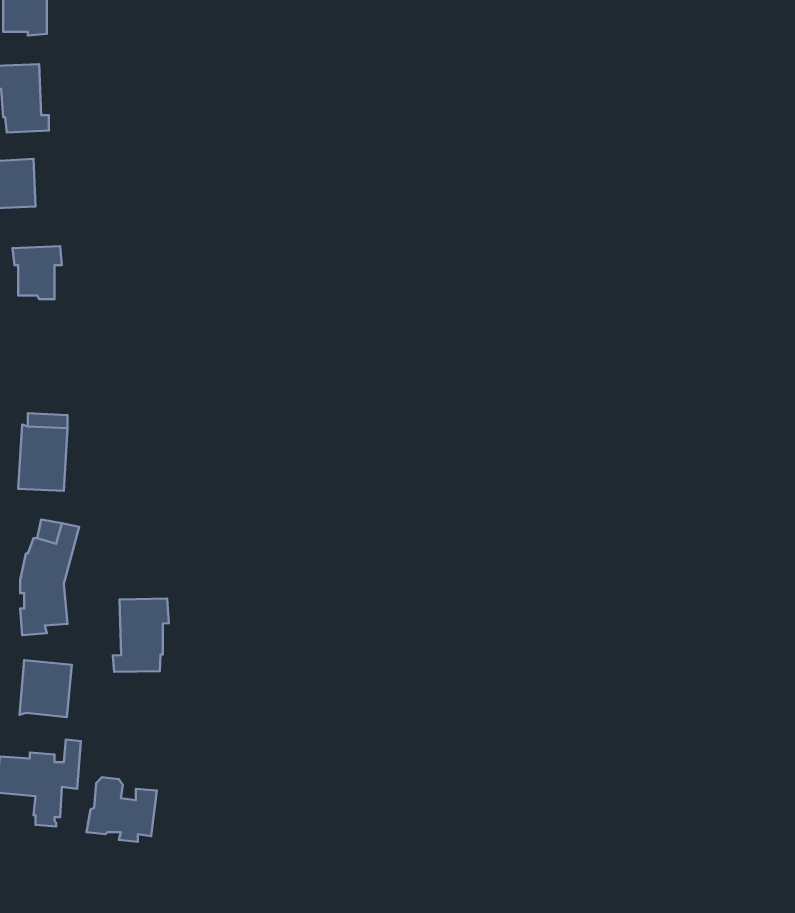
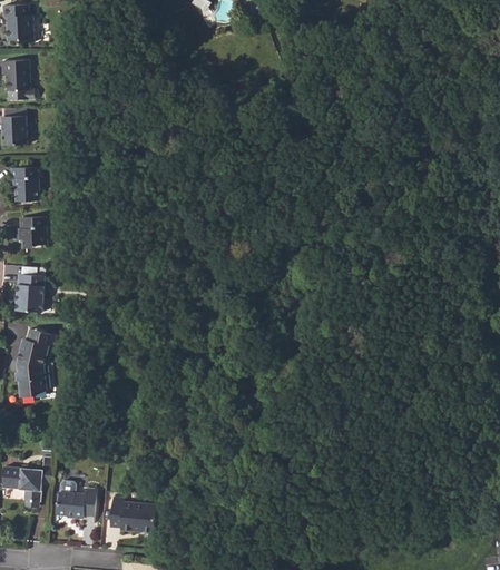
building: none -> [18,216,46,246]
building: [113,598,169,672] -> none
building: [19,660,72,717] -> none
building: none -> [111,495,159,532]

